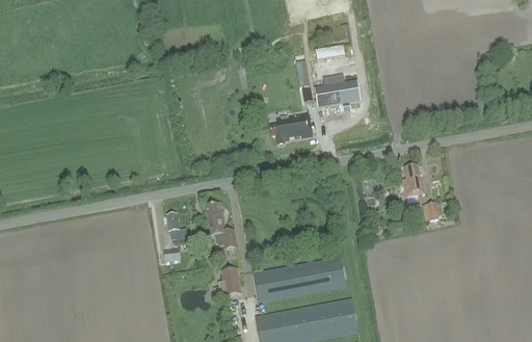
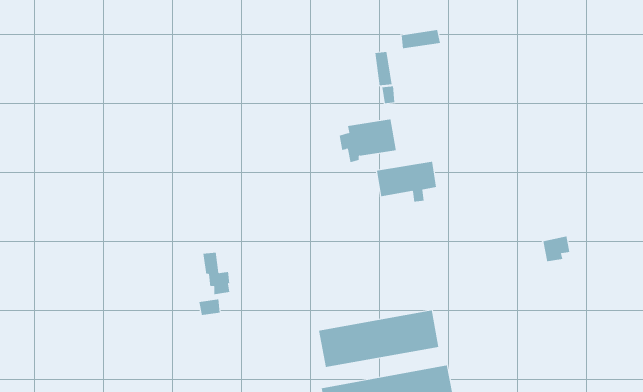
building: [314,81,360,112] -> [376,161,437,202]
building: [402,165,425,198] -> none
building: [206,205,237,248] -> none
building: [222,268,242,296] -> none

